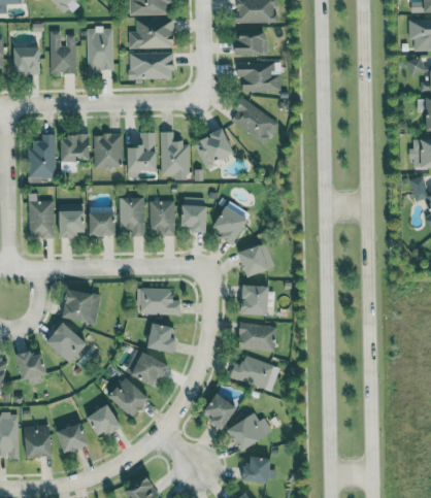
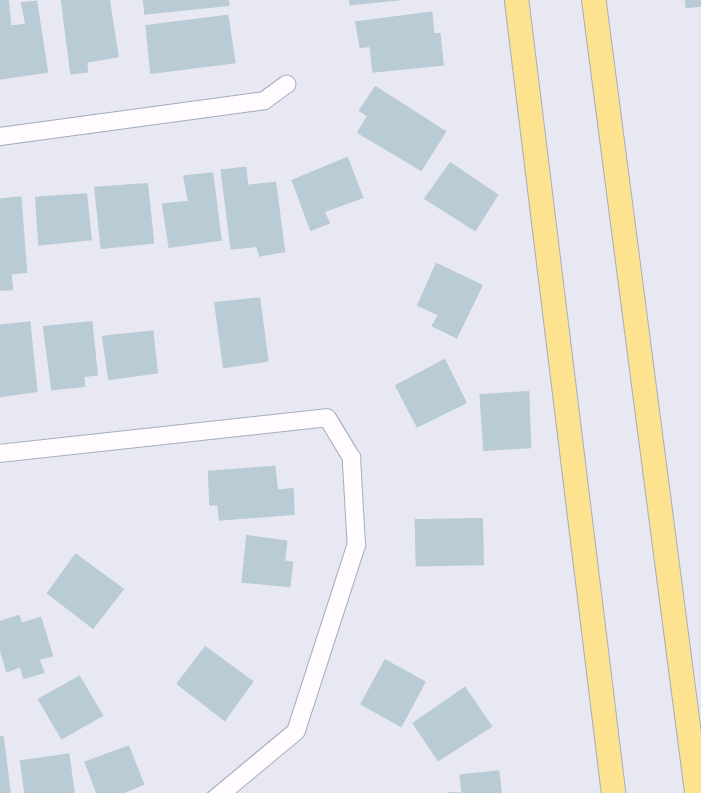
building: none -> [423,161,500,233]
building: [119,197,144,236] -> none
building: [181,197,208,232] -> none
building: [213,204,250,245] -> [416,262,484,339]
building: [242,284,270,314] -> [478,391,532,452]
building: [63,289,100,323] -> none
building: [132,352,168,386] -> none
building: [230,355,279,391] -> none
building: [87,404,121,437] -> [37,674,104,740]

